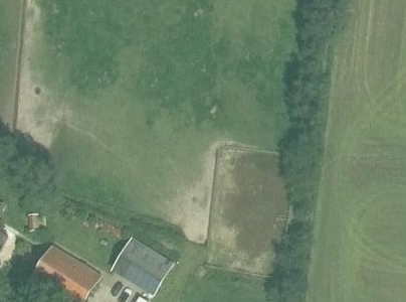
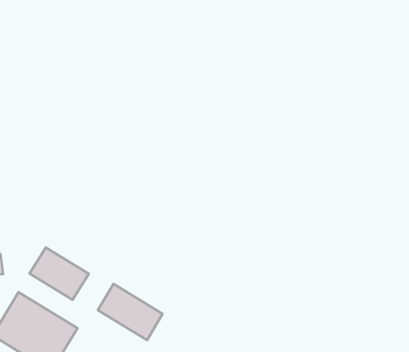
building: none -> [29,247,89,300]

